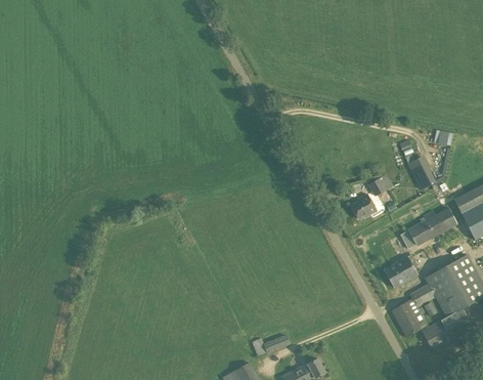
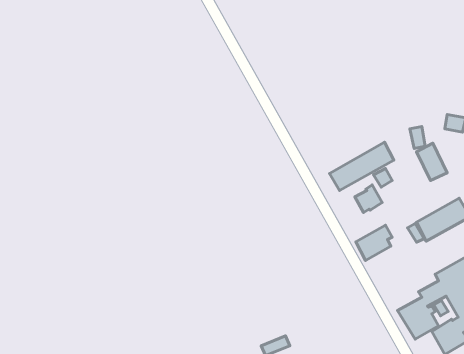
building: none -> [329,142,394,190]
building: [384,254,418,287] -> [356,225,392,260]

